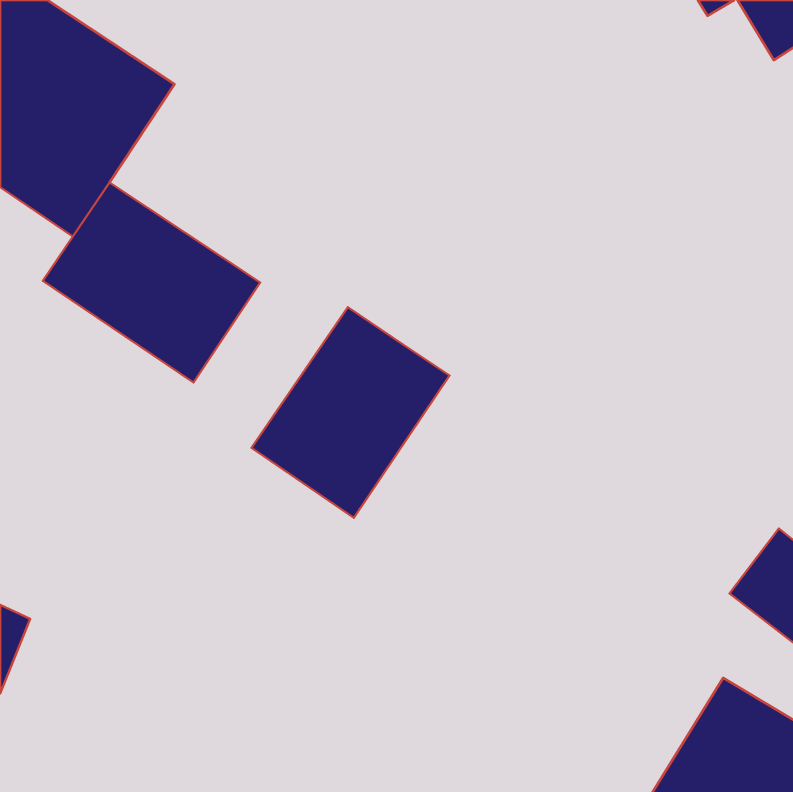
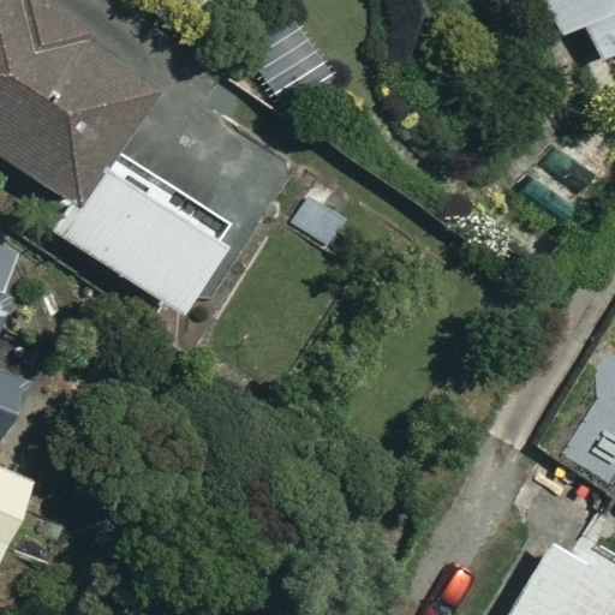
building: [251,307,450,518] -> none

